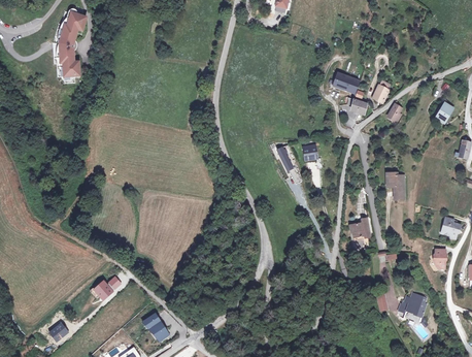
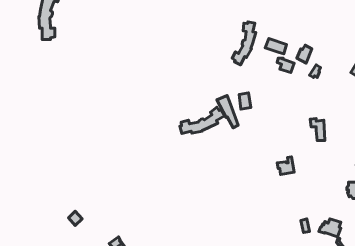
building: none -> [232,22,256,65]
building: none -> [180,107,225,134]

